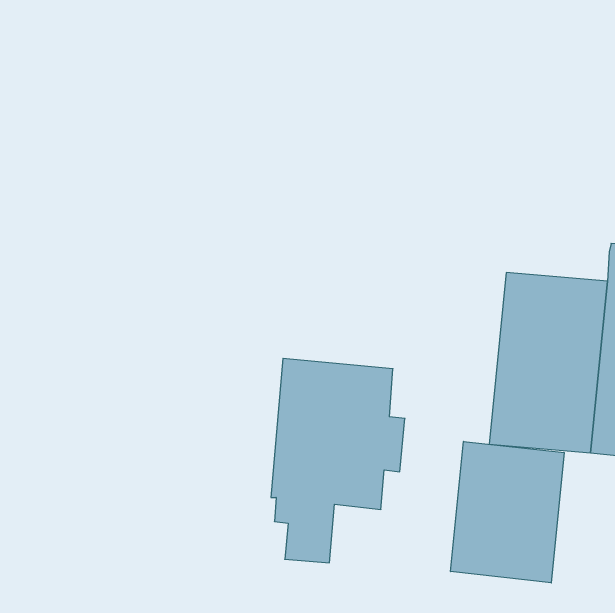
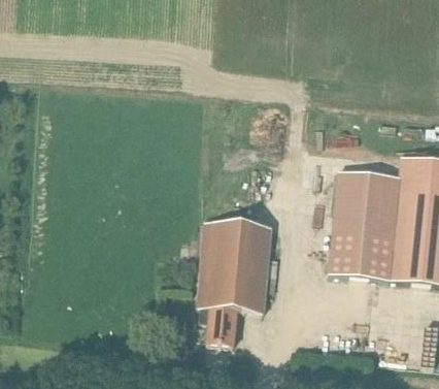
building: [451,441,564,583] -> none

